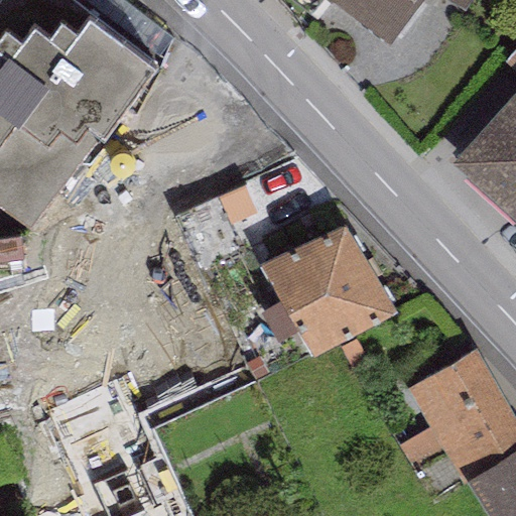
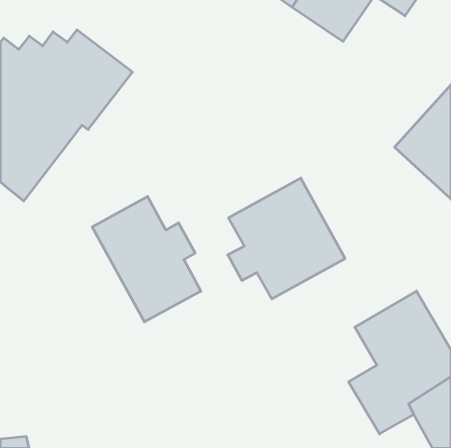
building: none -> [92,196,201,322]

